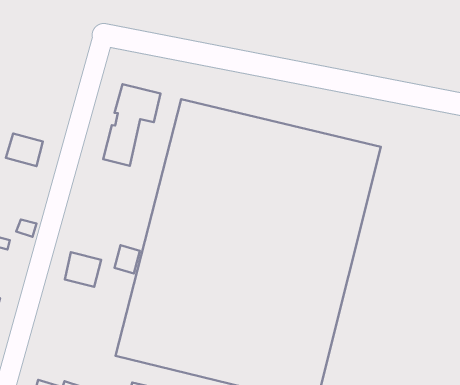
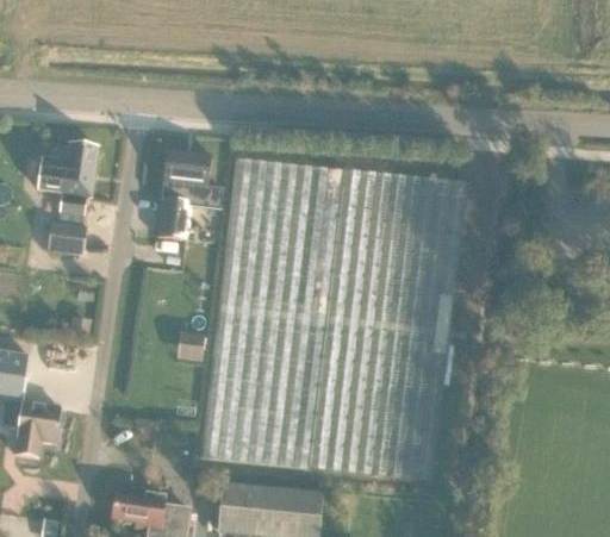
building: none -> [37,143,95,223]
building: [65,252,101,287] -> none

